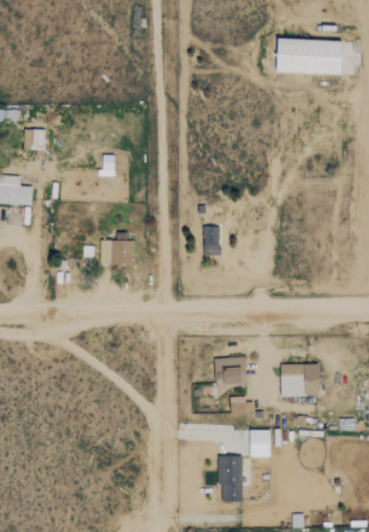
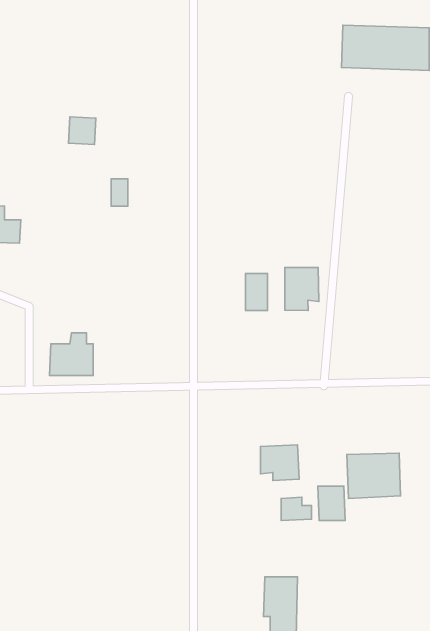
building: [24,129,45,150] -> [69,117,96,144]
building: none -> [285,267,319,311]
building: [100,232,133,264] -> [49,333,93,375]
building: [251,430,271,456] -> [318,486,345,521]

